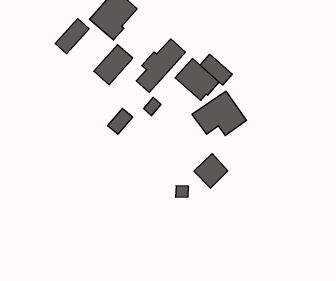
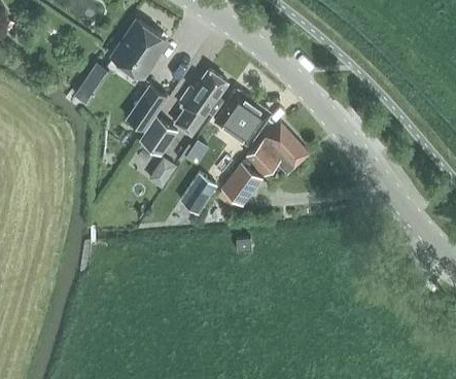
building: [200,54,232,85] -> none
building: none -> [138,117,177,157]
building: none -> [179,174,216,214]
building: [194,154,228,188] -> [221,163,260,203]

